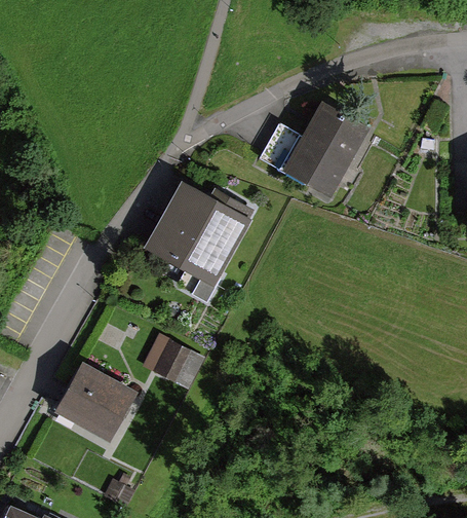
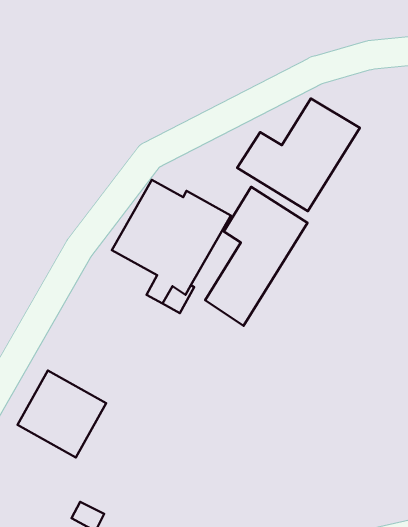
building: none -> [205,187,308,326]
building: [142,335,204,391] -> none

